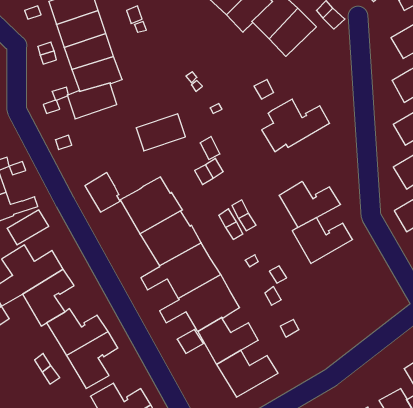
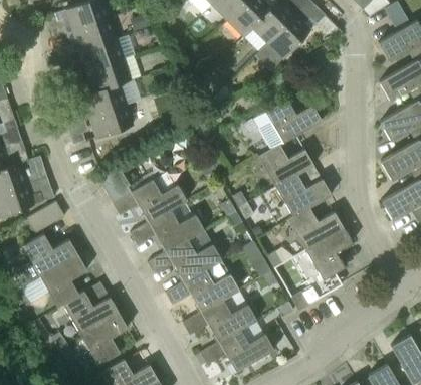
building: [136,114,185,151] -> [88,105,134,139]
building: none -> [257,145,313,188]
building: none -> [290,228,352,311]

